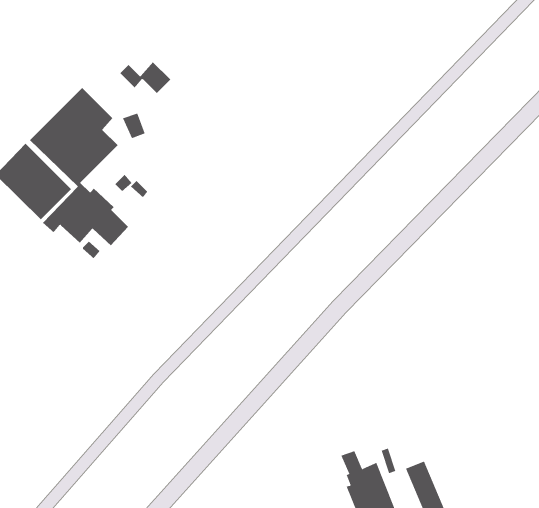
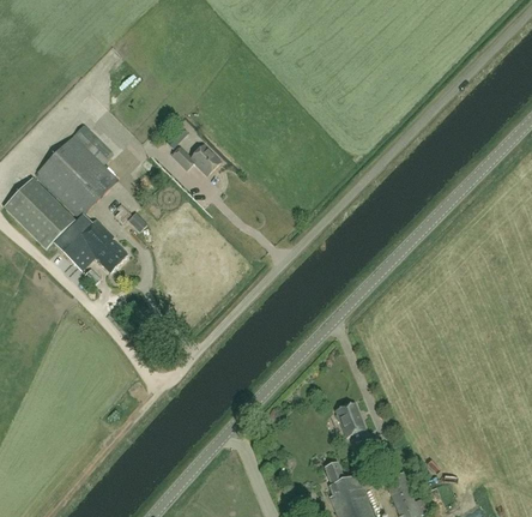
building: [119,61,171,94] -> [171,144,219,174]
building: none -> [334,402,364,435]

